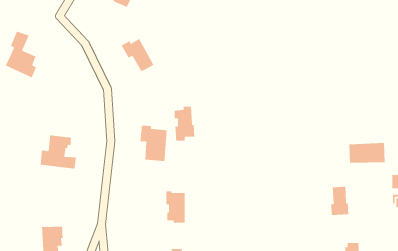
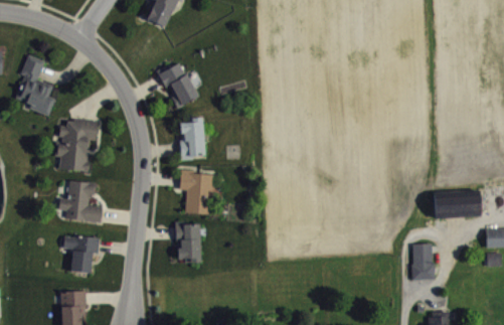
building: none -> [55,119,100,172]
building: [174,106,195,142] -> [180,118,206,161]
building: none -> [61,235,100,274]
building: [166,190,185,223] -> [177,222,201,263]

